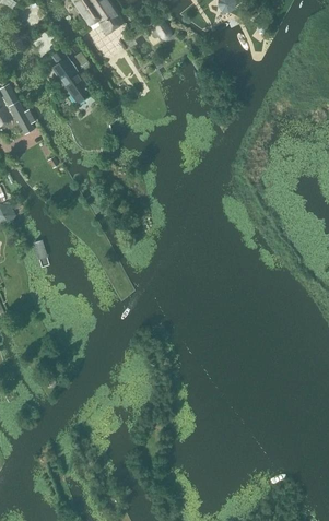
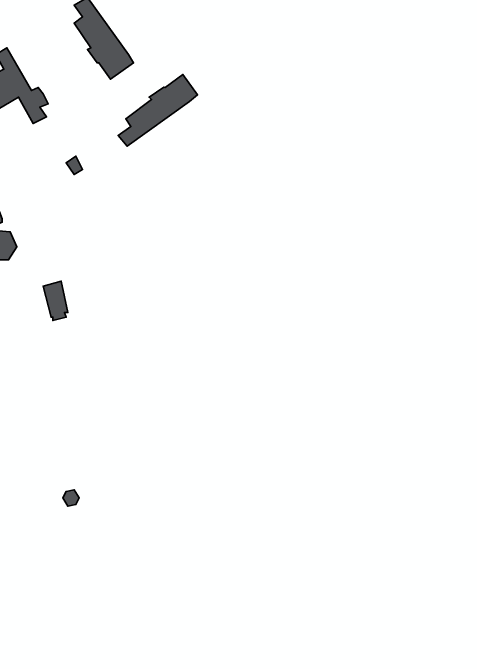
building: none -> [118,75,197,146]

